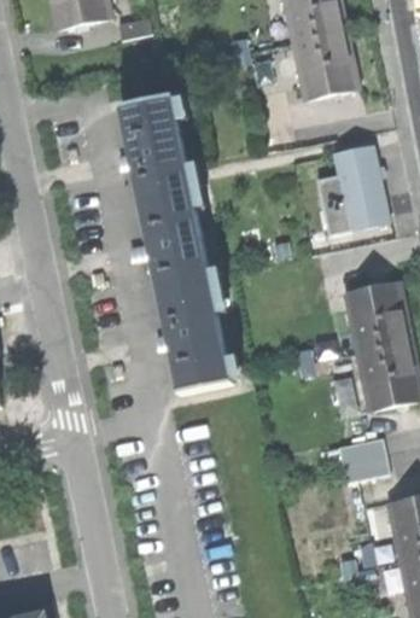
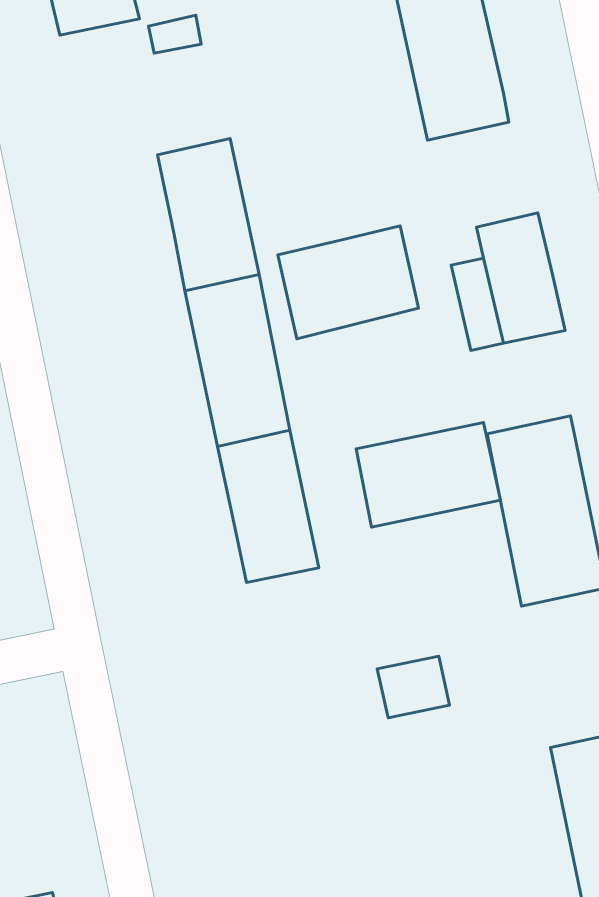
building: none -> [278,226,419,339]
building: none -> [356,422,500,527]
building: [339,439,387,480] -> [377,656,450,718]

